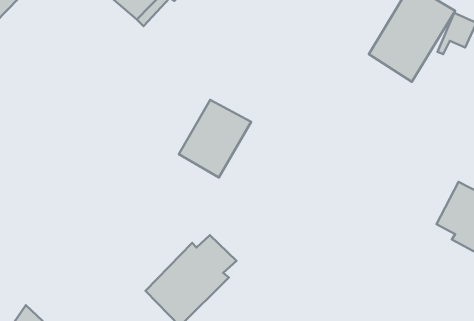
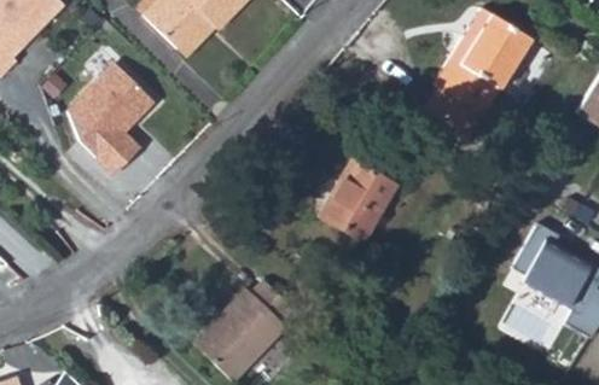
building: none -> [72,69,158,153]
building: [179,100,251,178] -> [316,158,395,243]

